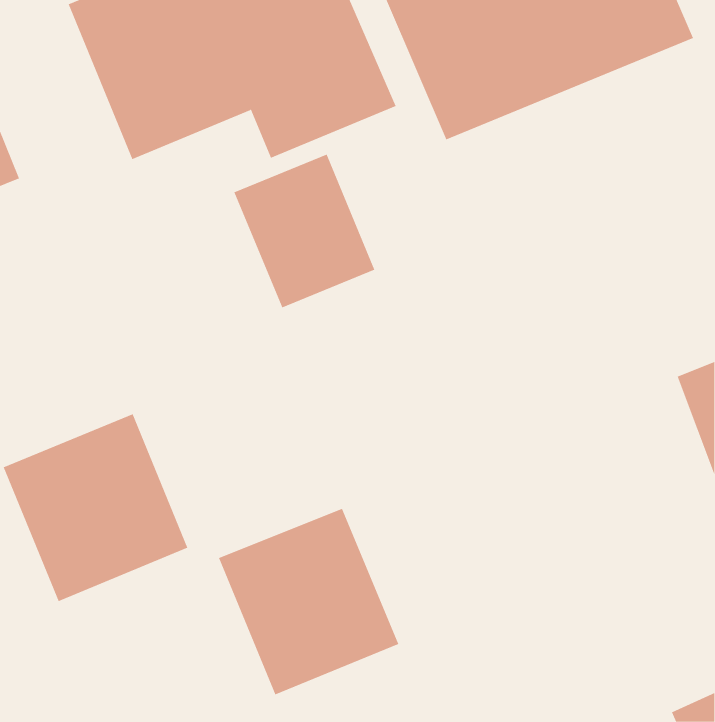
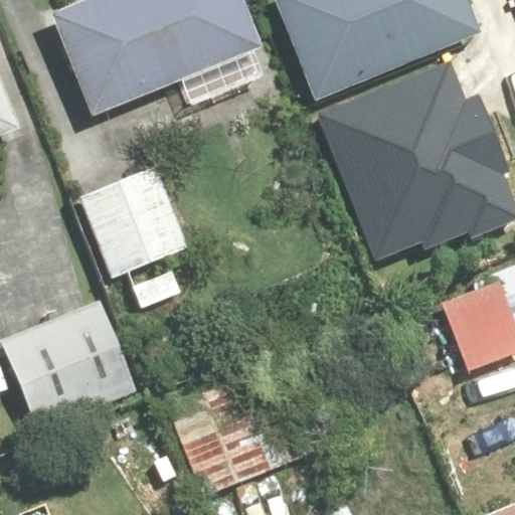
building: none -> [326,80,501,265]
building: [234,154,375,308] -> [82,166,183,276]

